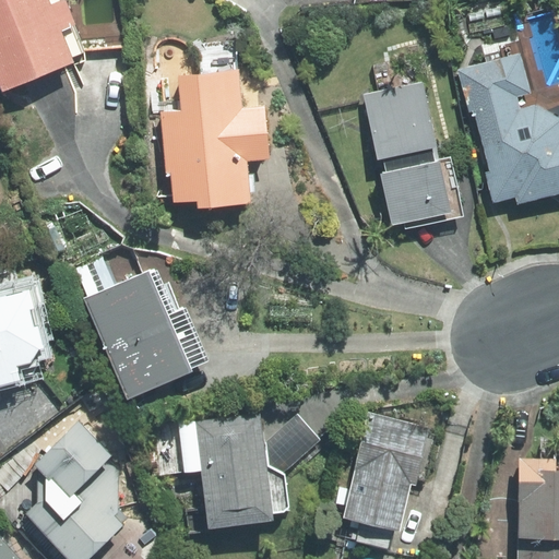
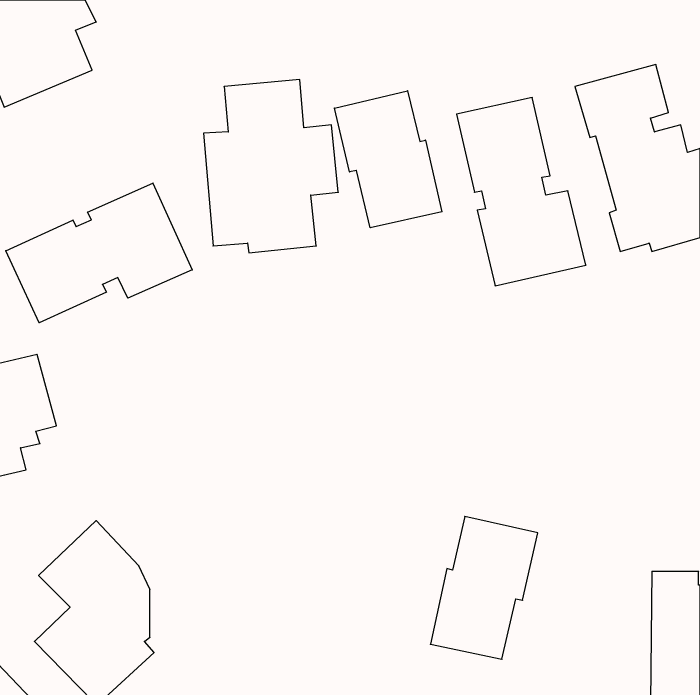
building: none -> [334,91,442,228]
building: none -> [6,183,192,323]
building: [85,272,192,397] -> none
building: [177,415,319,526] -> none

